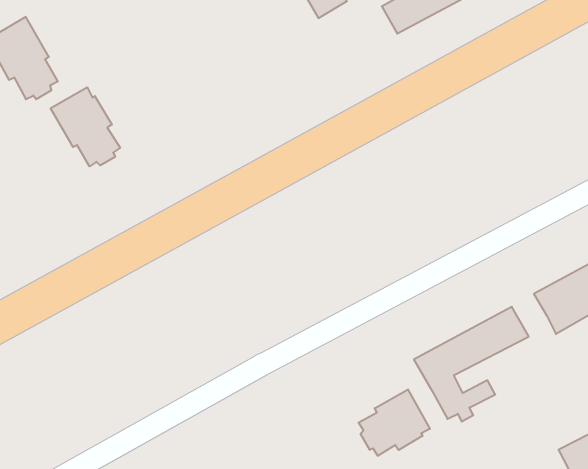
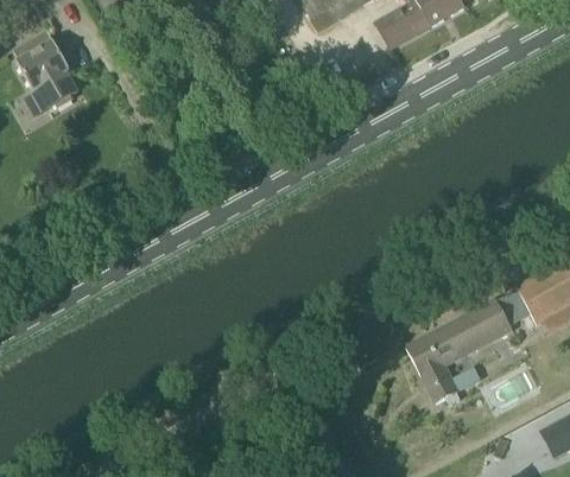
building: [51,87,120,166] -> none
building: [359,389,430,456] -> none

